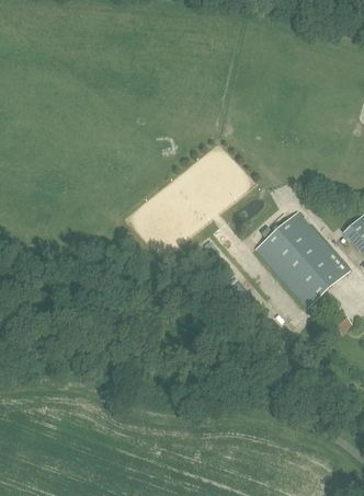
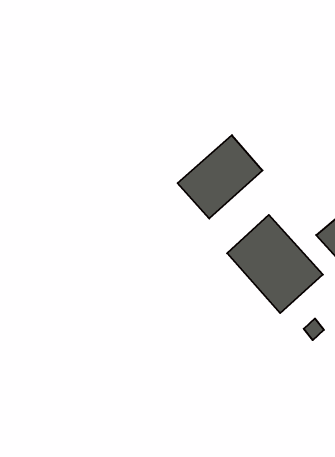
building: none -> [178,135,263,219]

